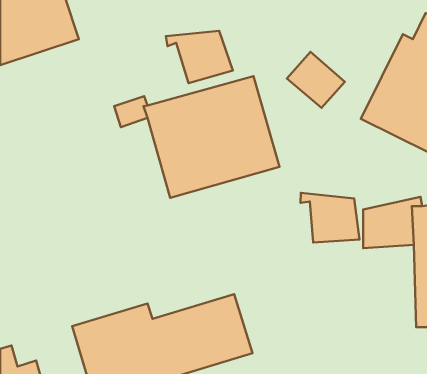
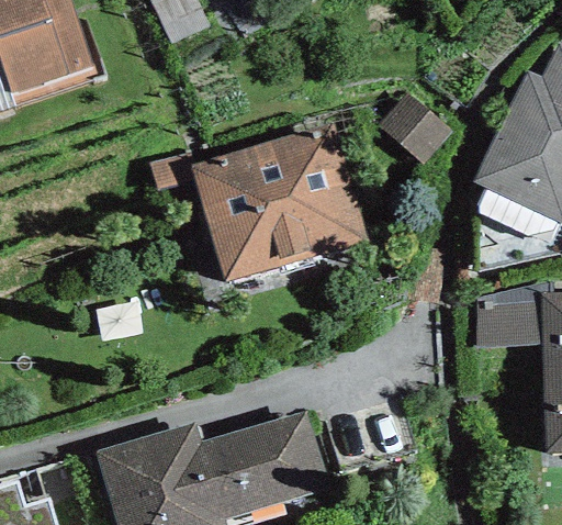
building: [166,31,233,83] -> none
building: [301,193,359,242] -> none

